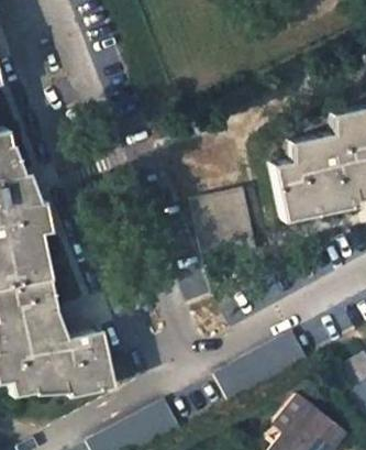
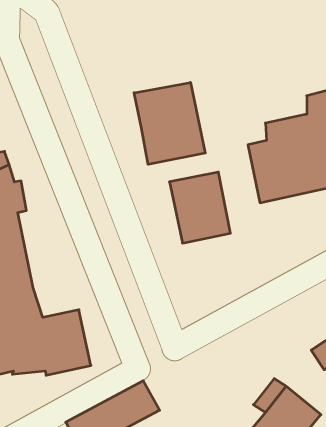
building: none -> [134,82,205,164]
building: [215,332,310,403] -> none

